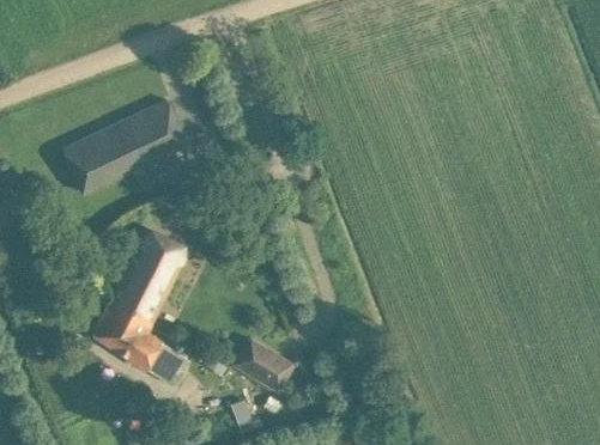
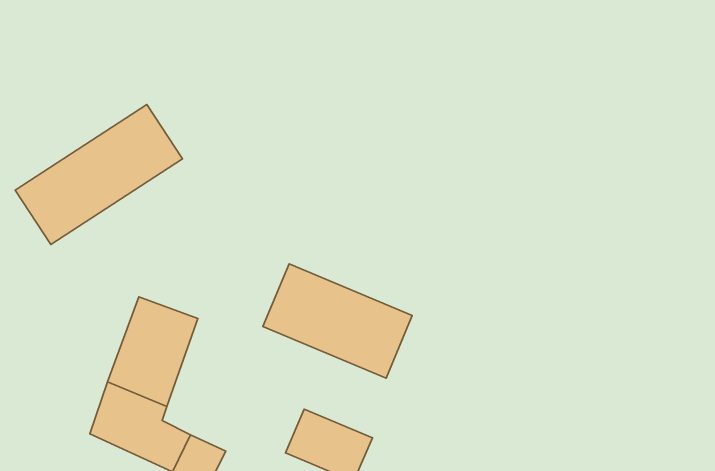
building: none -> [263,264,412,378]

